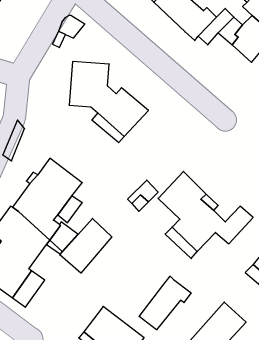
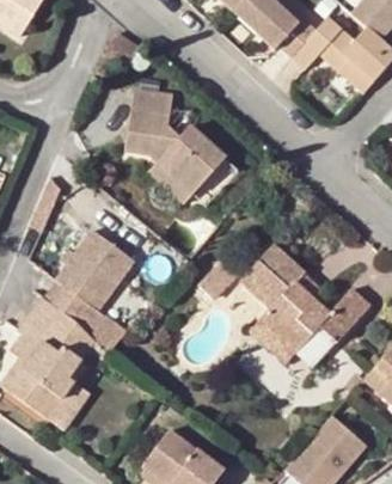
building: [60,218,112,273] -> none
building: [139,276,191,330] -> none

